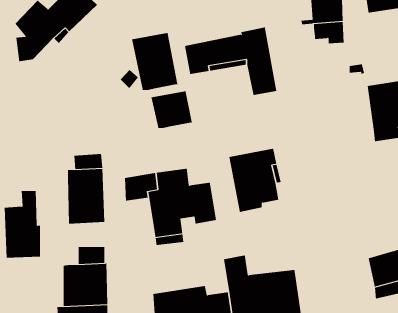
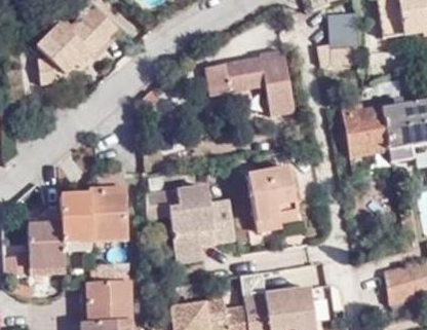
building: [132,32,178,91] -> none
building: none -> [343,104,388,155]
building: [151,91,192,129] -> none
building: none -> [60,194,91,242]

